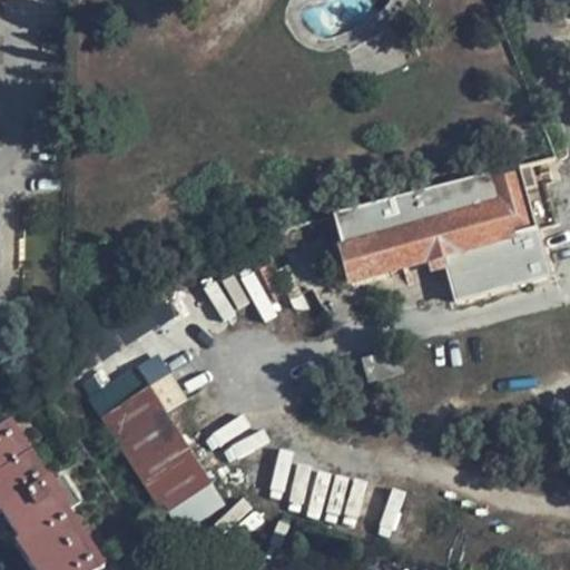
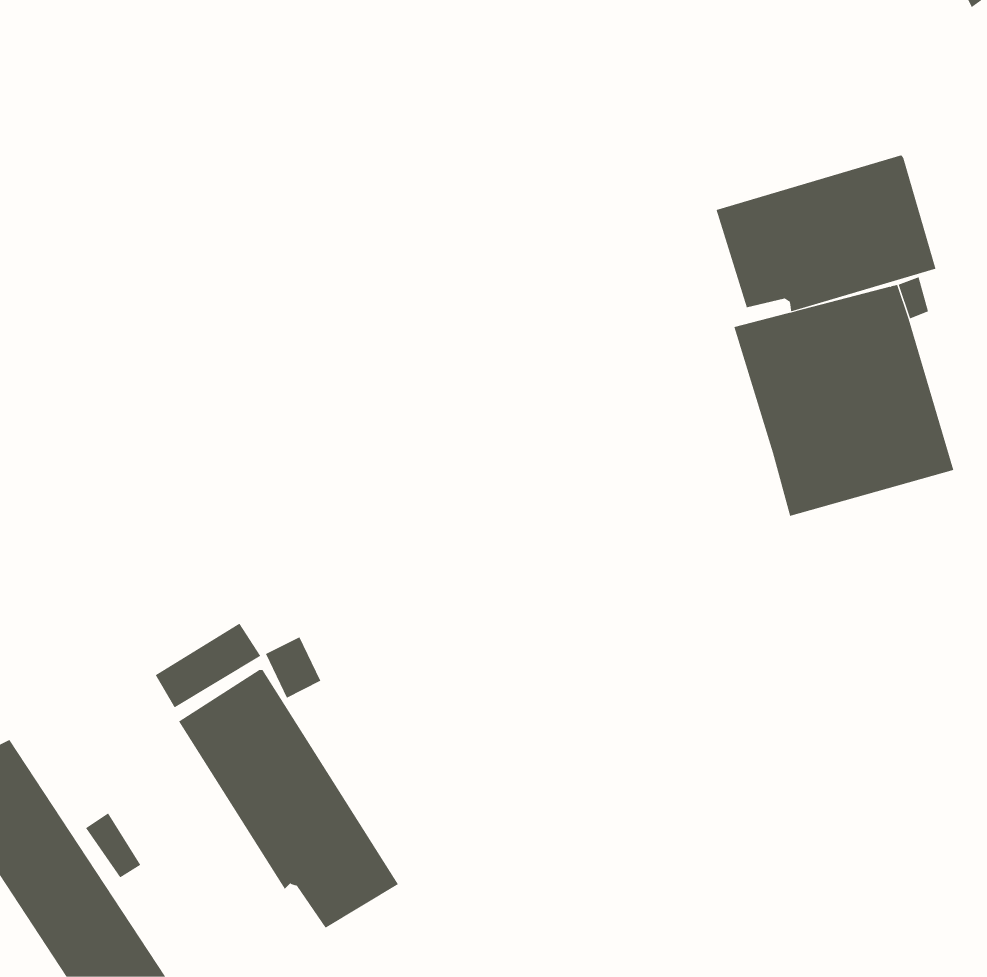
building: none -> [716,155,936,312]
building: [326,188,444,292] -> none

